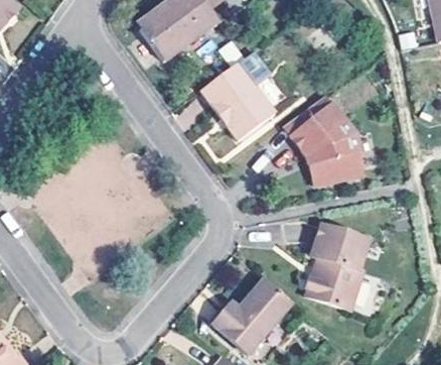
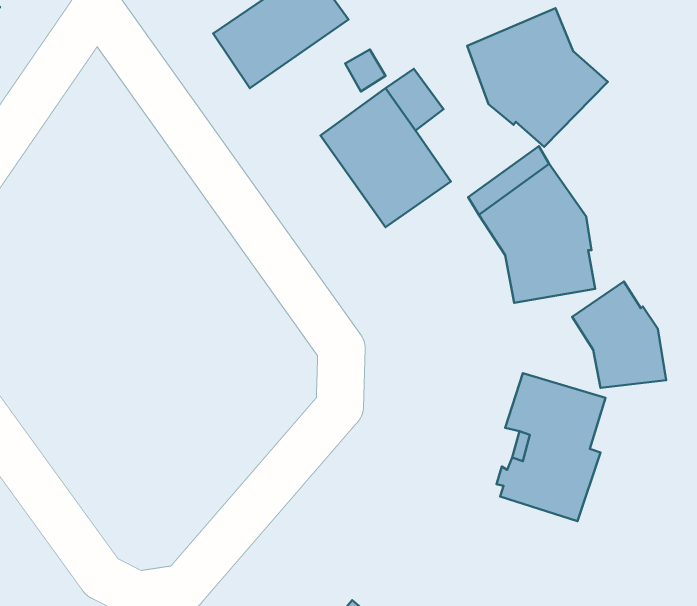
building: none -> [467,8,608,147]
building: none -> [572,282,666,388]
building: [213,278,292,351] -> none

